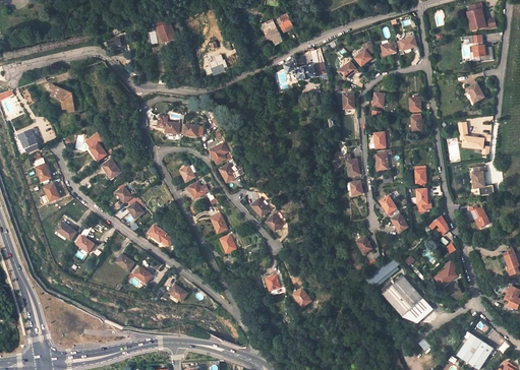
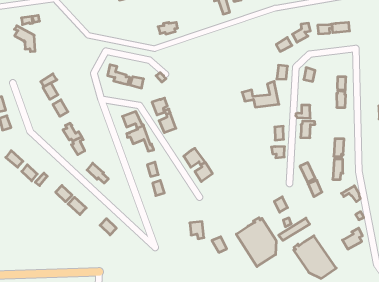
building: [284,48,326,78] -> [242,81,279,107]
building: none -> [236,218,276,267]

